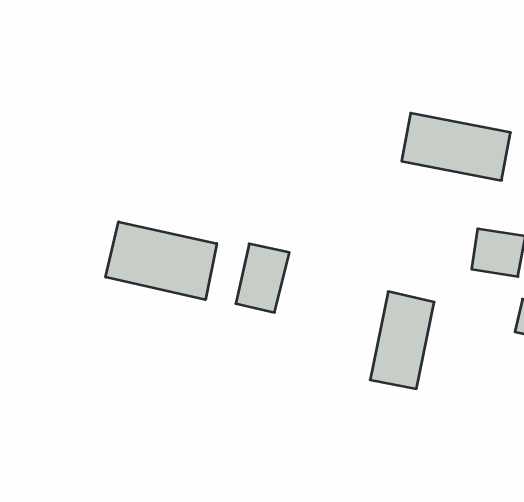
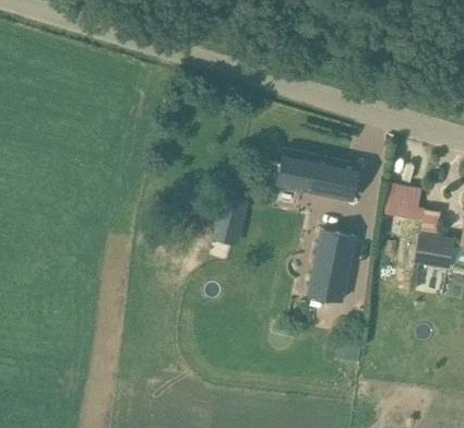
building: [402,113,511,180] -> [277,152,357,201]
building: [106,222,217,300] -> none

